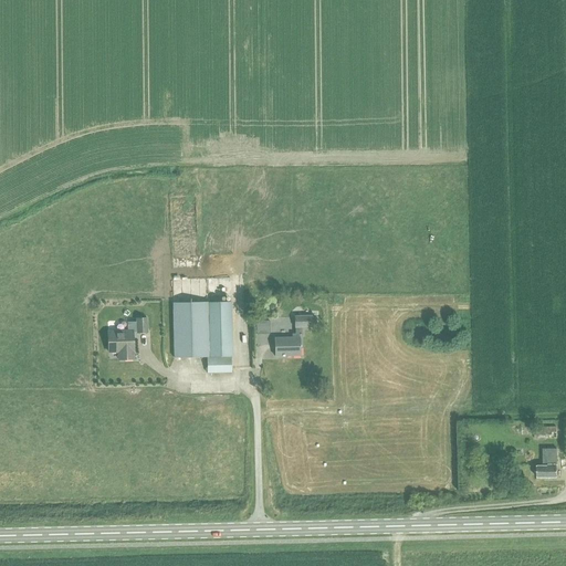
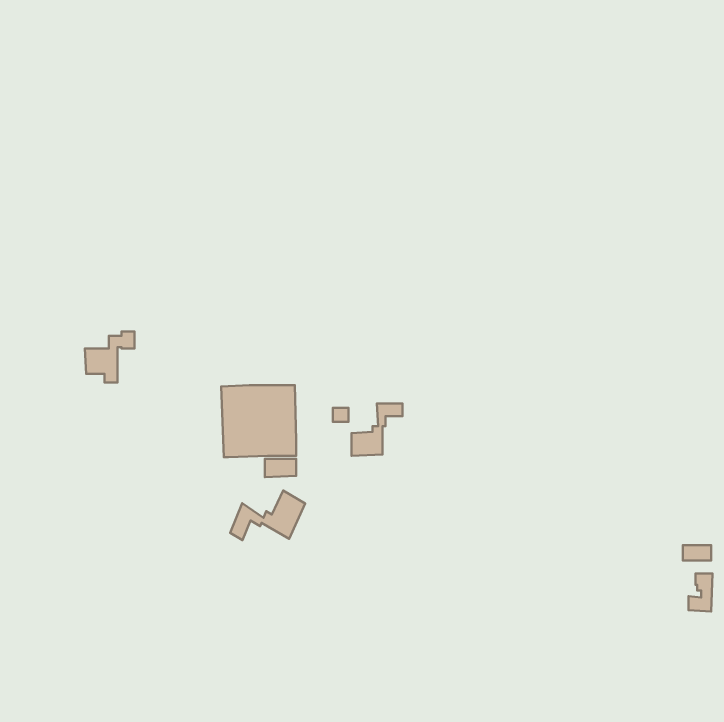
building: [107,318,146,358] -> [85,332,134,382]
building: none -> [230,491,305,540]

